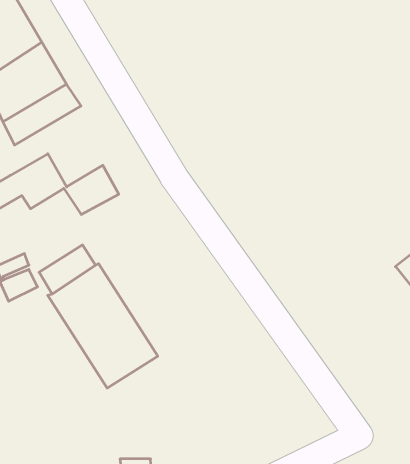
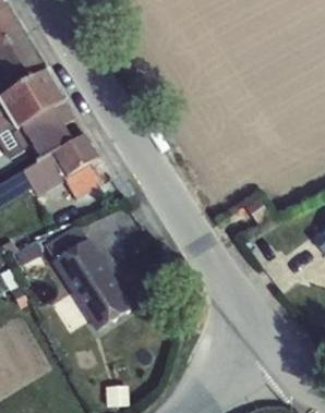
building: none -> [50,133,99,179]

